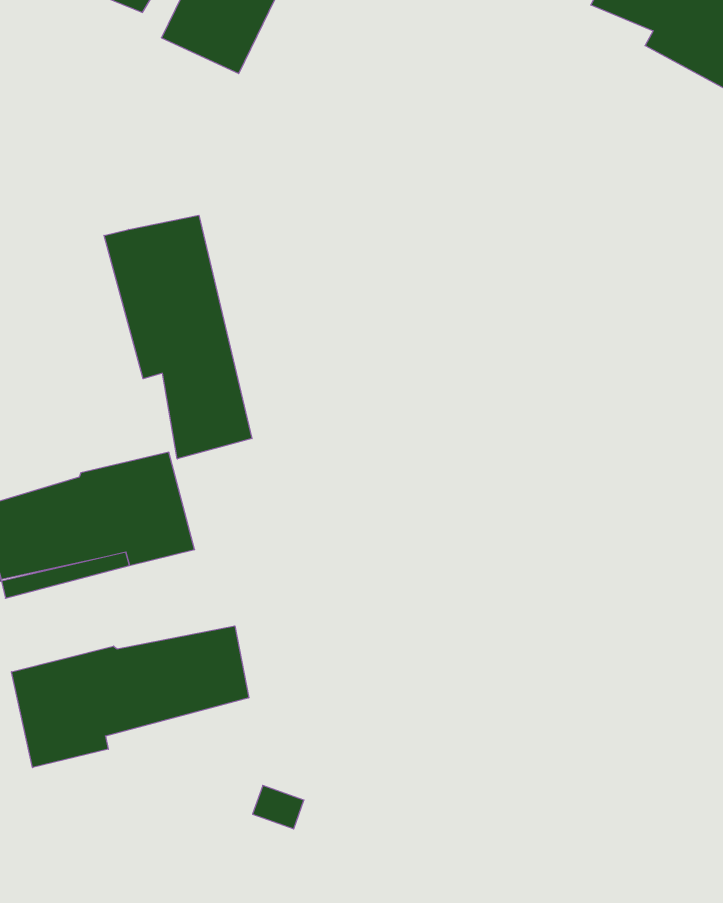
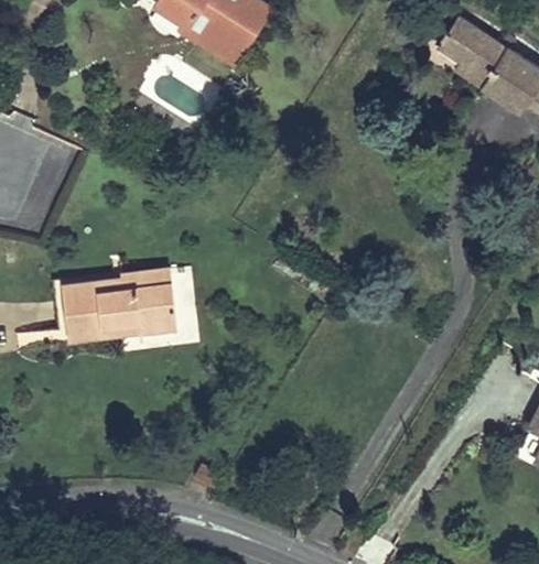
building: [104,215,252,459] -> none
building: [12,626,249,768] -> none

